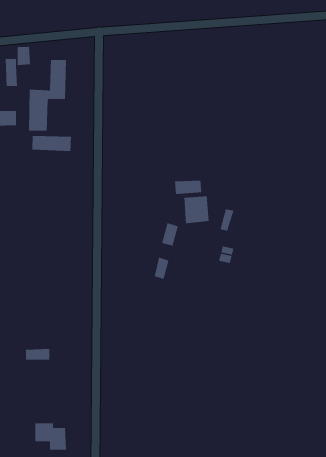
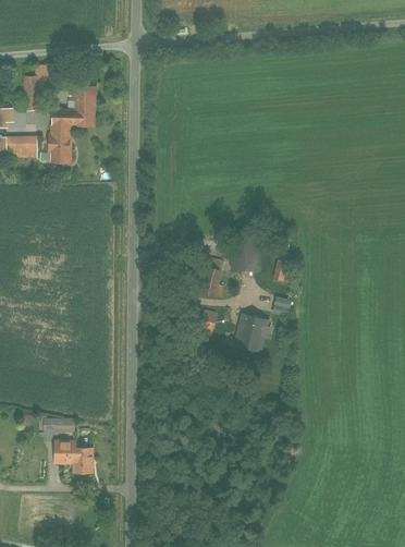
building: [32,135,72,152] -> none
building: [174,180,202,195] -> none
building: none -> [233,313,269,355]
building: [34,423,67,450] -> [56,440,94,473]

